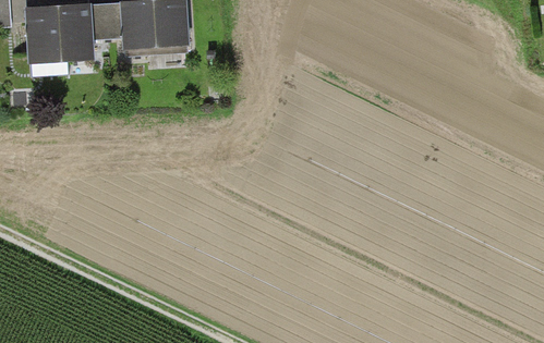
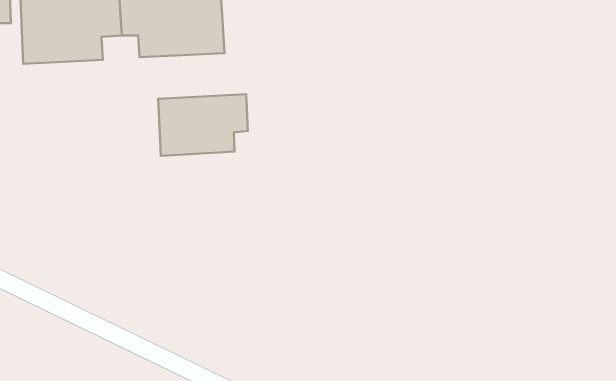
building: none -> [158,94,248,156]

